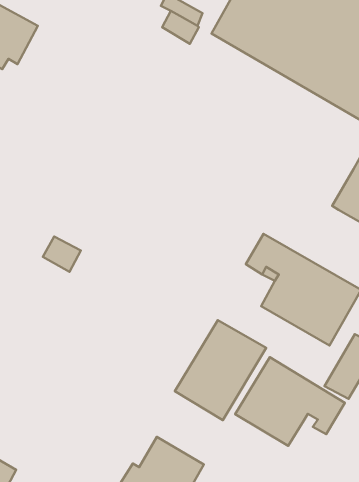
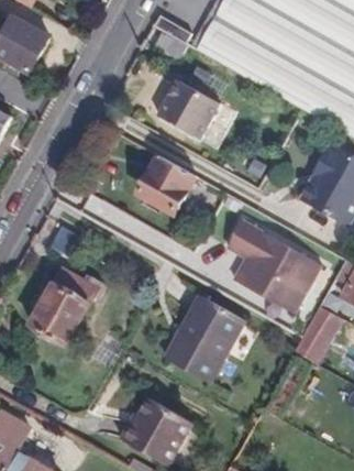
building: none -> [157,77,219,135]
building: none -> [142,155,195,211]
building: none -> [31,266,102,344]
building: [235,357,345,446] -> none

